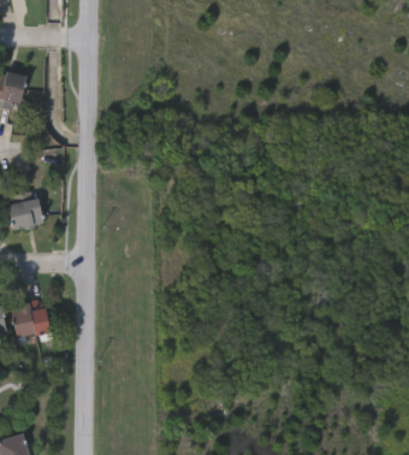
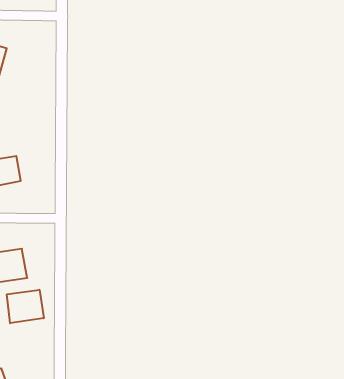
building: none -> [7,290,44,323]

